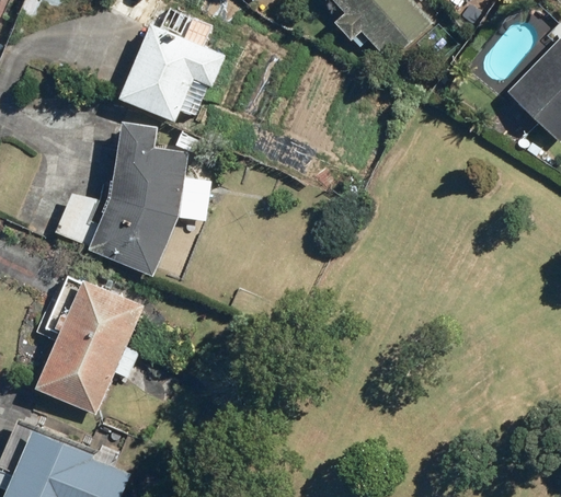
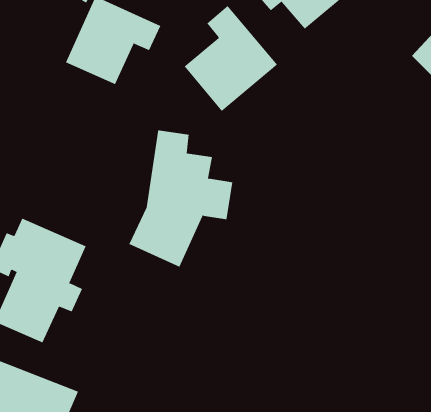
building: none -> [184,5,278,112]
building: [90,122,208,277] -> [129,130,233,268]

